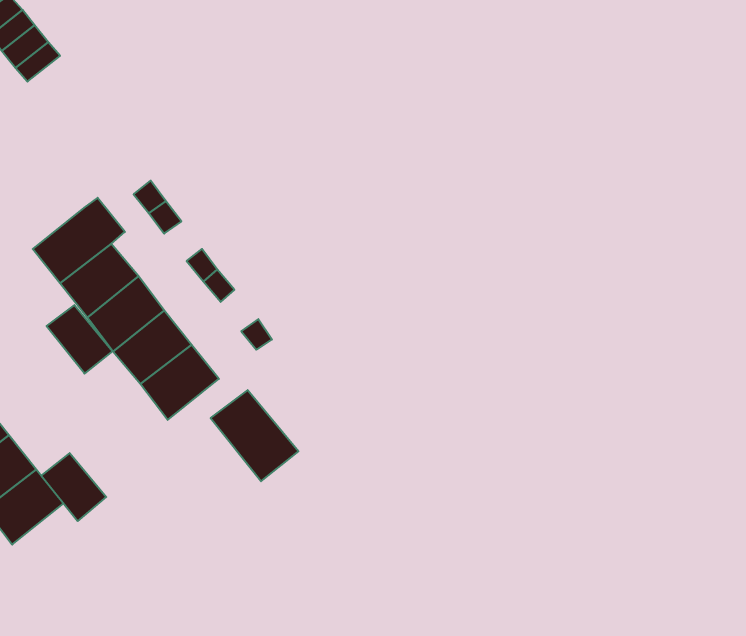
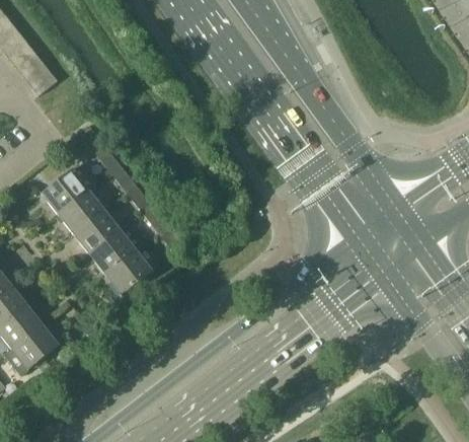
building: [47,305,113,374] -> none
building: [211,390,298,481] -> none
building: [41,453,106,521] -> none

